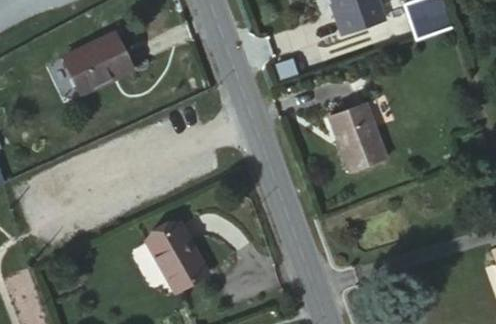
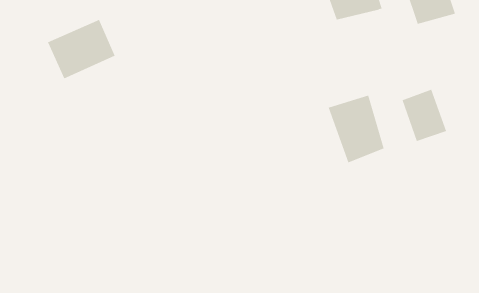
building: none -> [402,89,447,142]
building: [150,224,211,289] -> none

